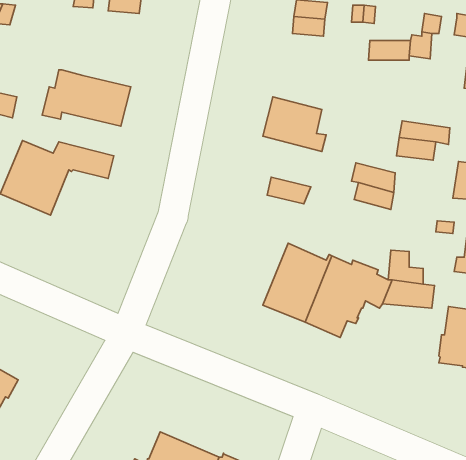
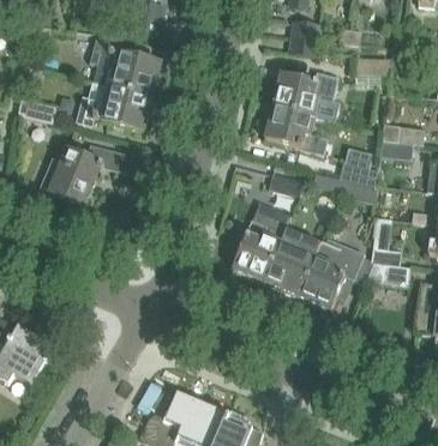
building: none -> [89,32,160,96]
building: none -> [272,71,341,121]
building: none -> [232,201,290,282]

